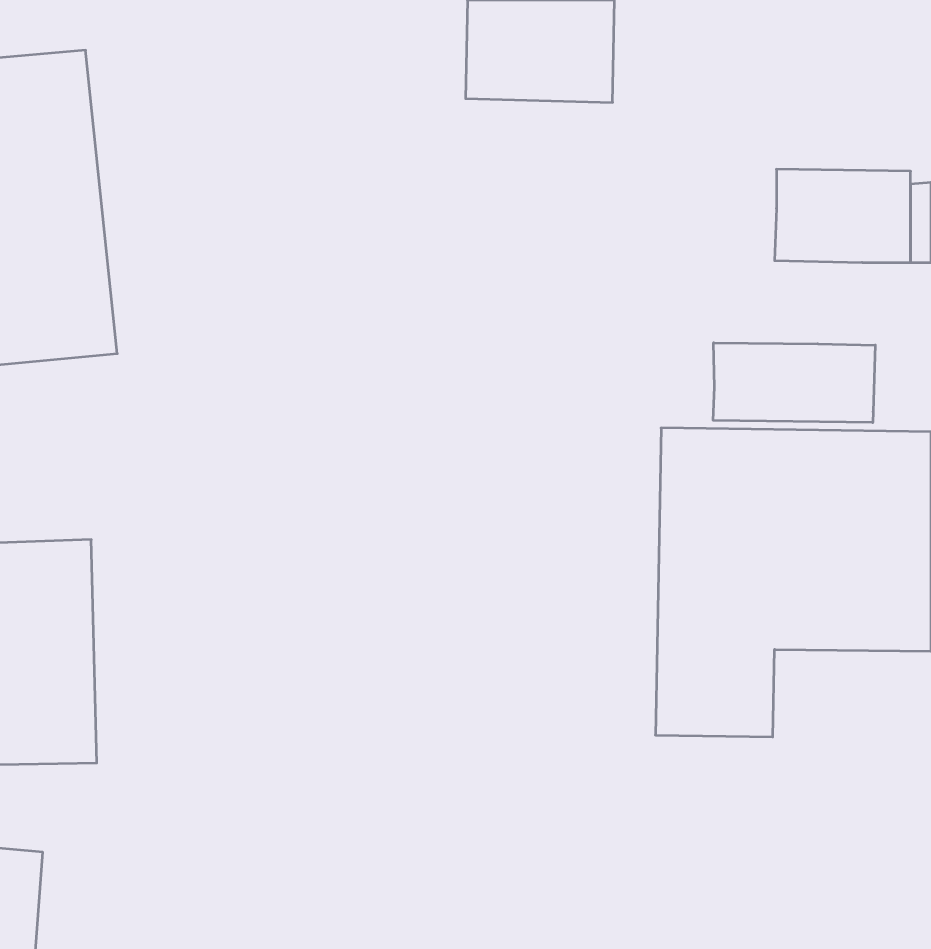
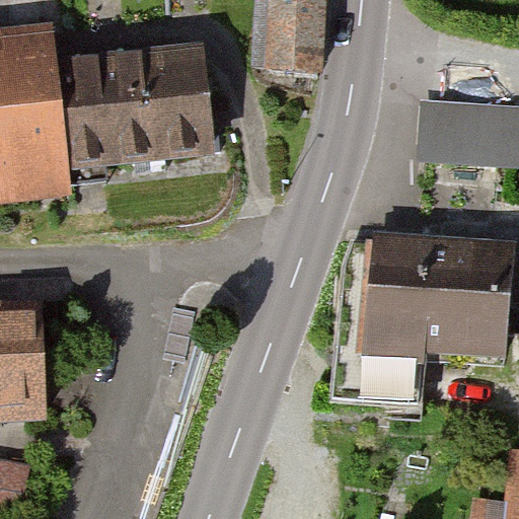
building: none -> [76,54,215,169]
building: [713,343,875,423] -> none

